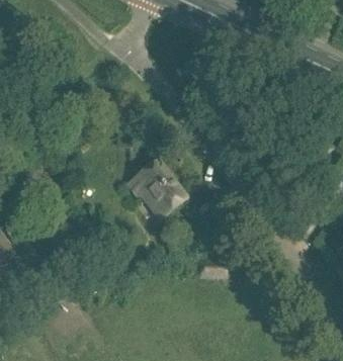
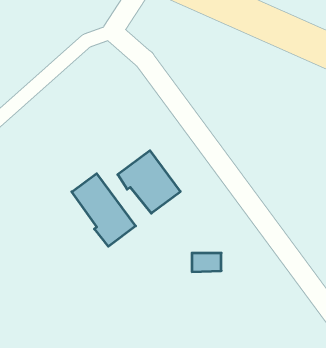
building: none -> [72,174,136,246]

